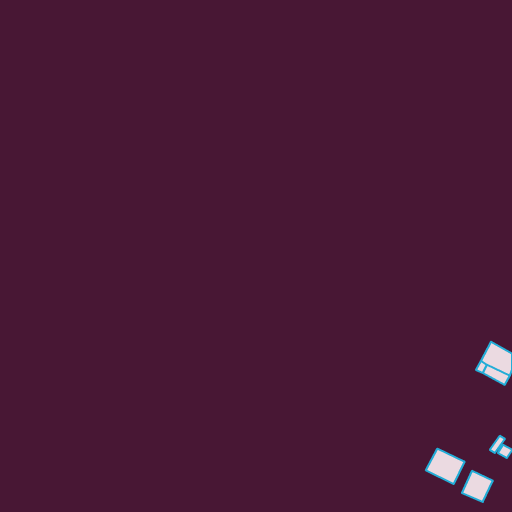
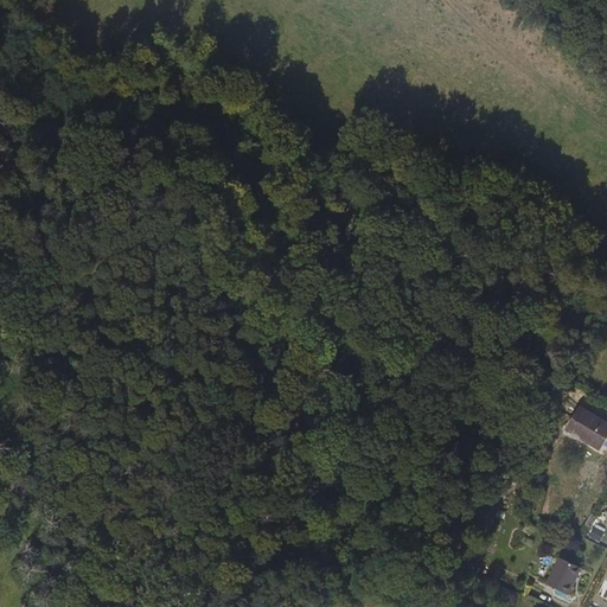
building: [426,449,464,484] -> none

